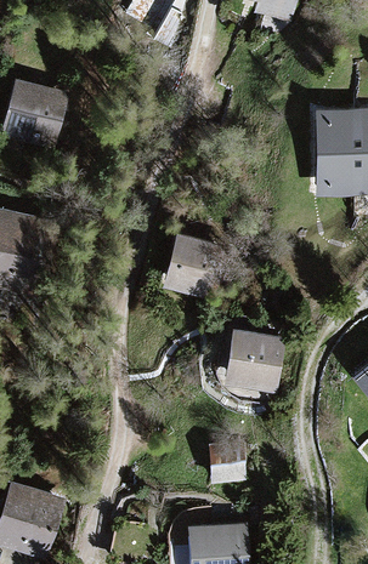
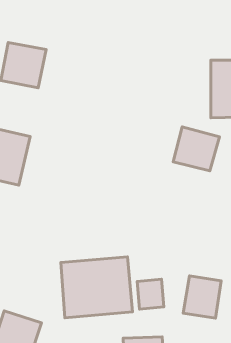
building: [162,234,231,300] -> [173,127,219,171]
building: [223,331,281,394] -> [183,276,221,318]
building: none -> [61,257,132,318]

